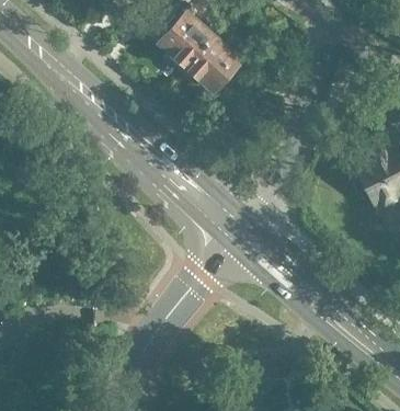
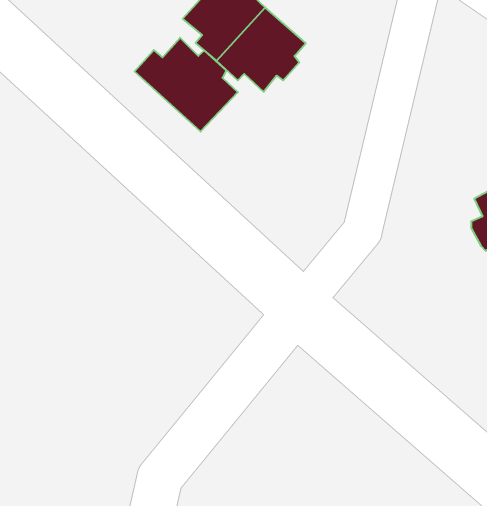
building: none -> [135,38,238,132]

